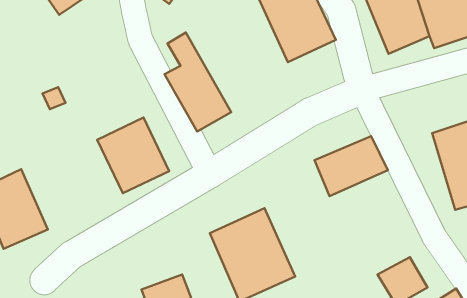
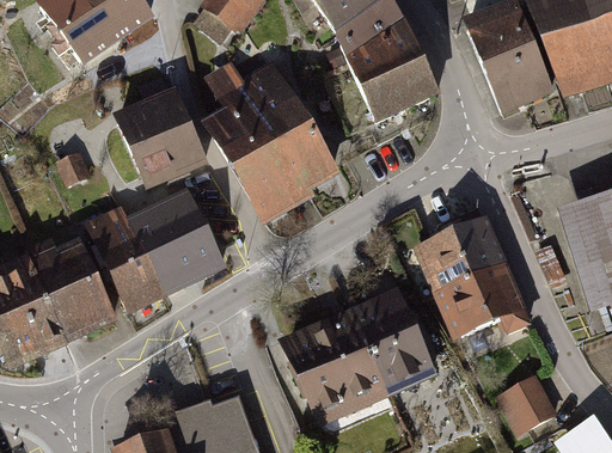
building: none -> [244,66,332,184]
building: none -> [117,92,207,186]
building: none -> [90,212,163,306]
building: none -> [30,245,115,336]
building: none -> [429,259,532,339]
building: none -> [345,286,435,397]

